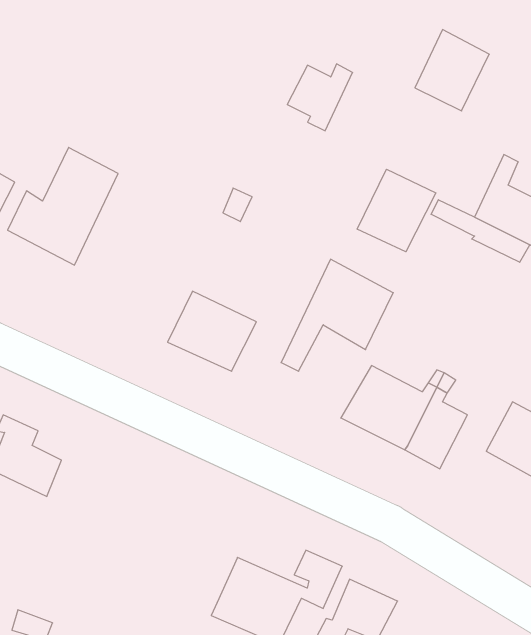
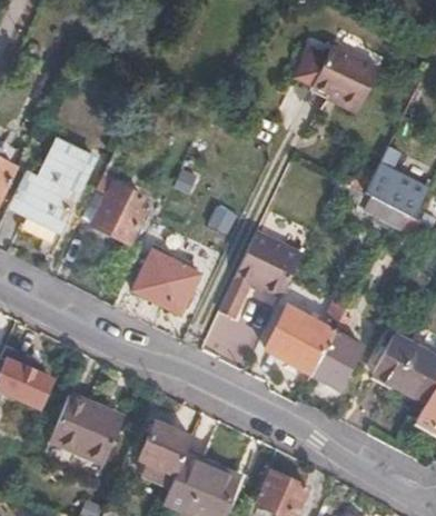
building: [287,64,353,131] -> [293,44,343,96]
building: none -> [83,145,145,244]
building: [357,169,436,252] -> none
building: none -> [51,394,125,463]
building: none -> [140,420,194,489]

